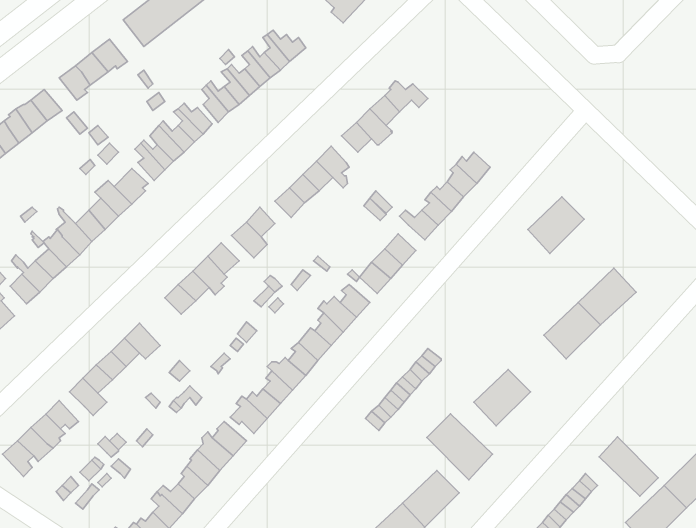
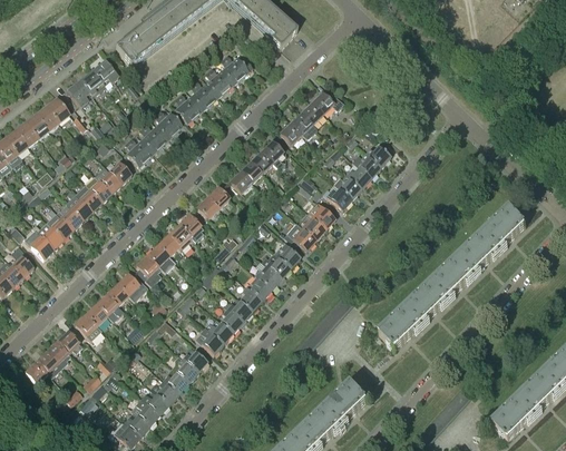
building: [528,197,584,253] -> [482,207,525,249]
building: none -> [135,254,162,287]
building: none -> [403,282,447,324]
building: [427,414,493,480] -> none
building: [599,437,658,496] -> none

